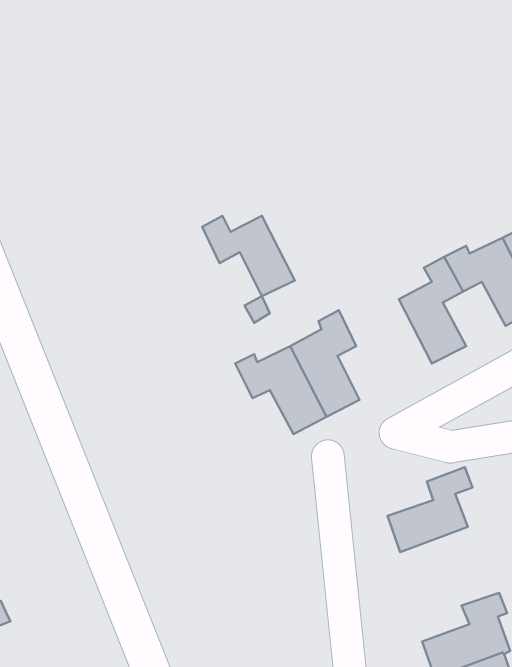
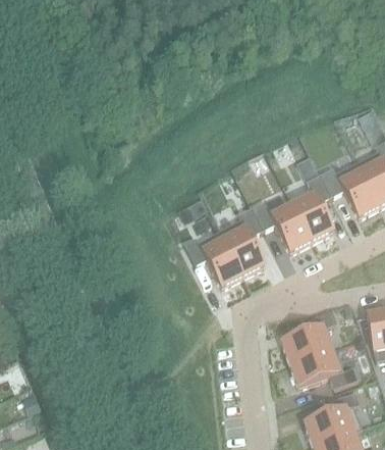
building: [202,216,295,296] -> [251,200,311,252]
building: none -> [290,348,358,388]

